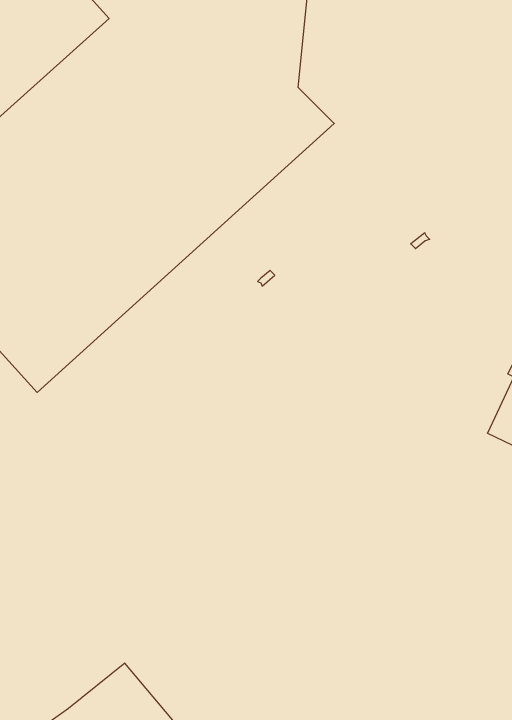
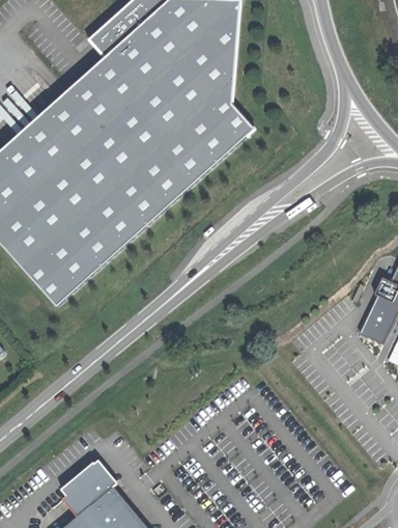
building: none -> [58,456,119,515]

